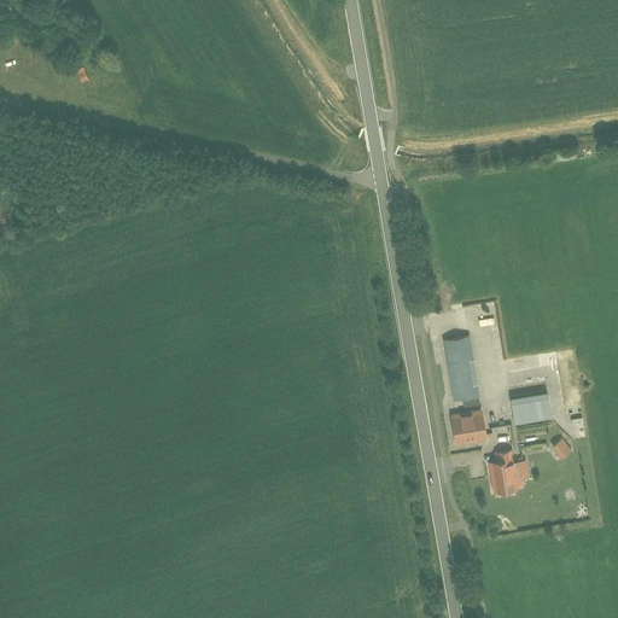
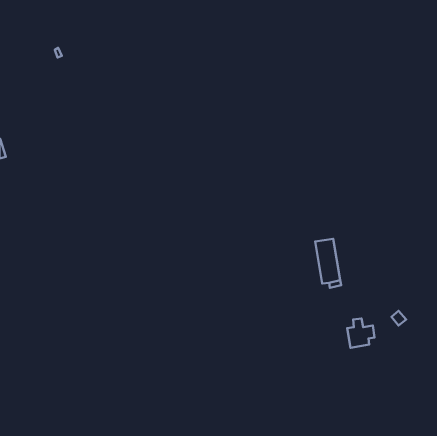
building: [511,395,549,424] -> none
building: [449,414,483,447] -> none

